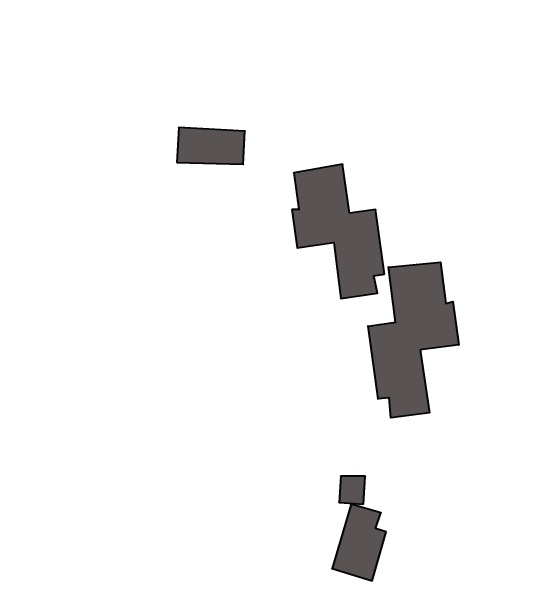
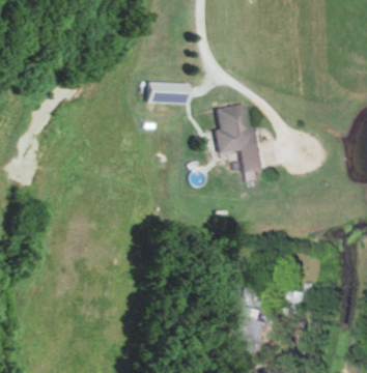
building: [368,262,459,418] -> none

